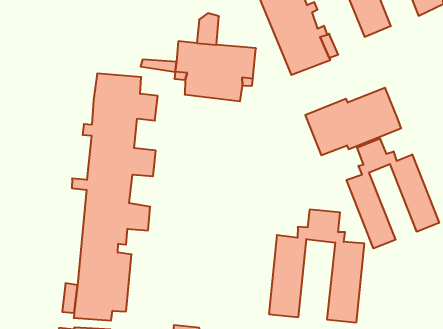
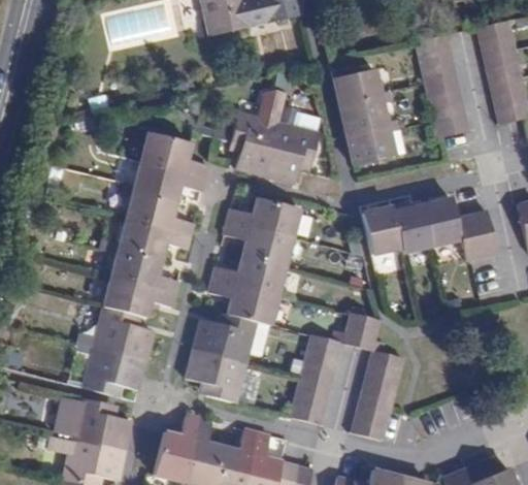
building: none -> [459,226,496,261]
building: none -> [185,198,301,403]
building: [347,138,439,248] -> none

